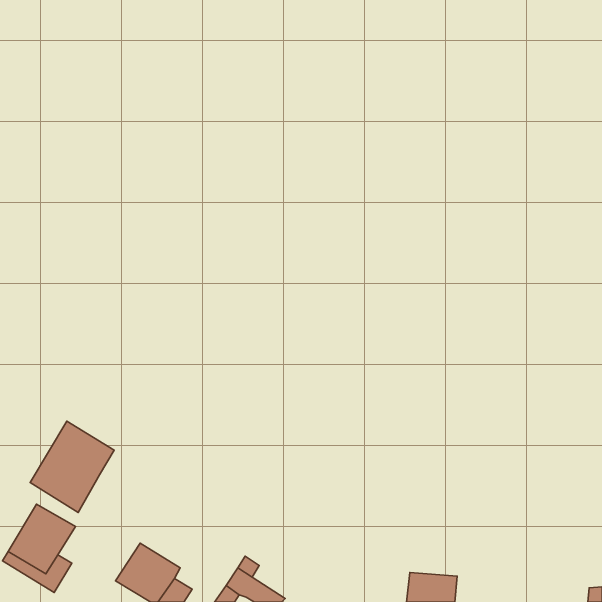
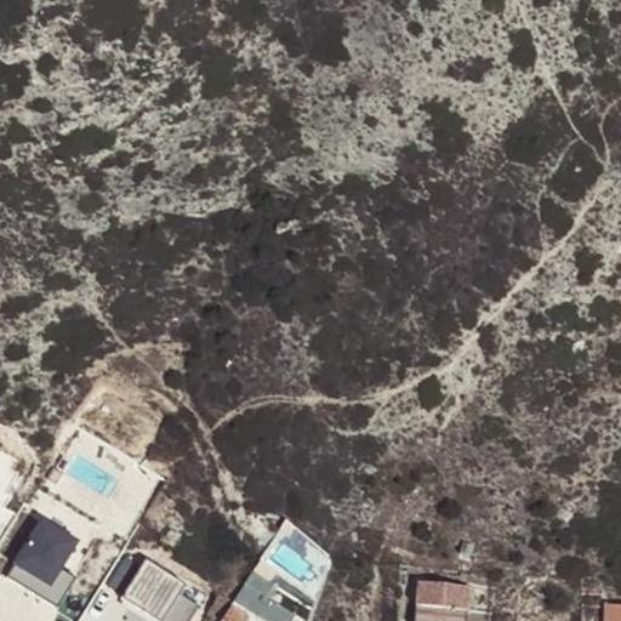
building: [30,421,114,512] -> none

